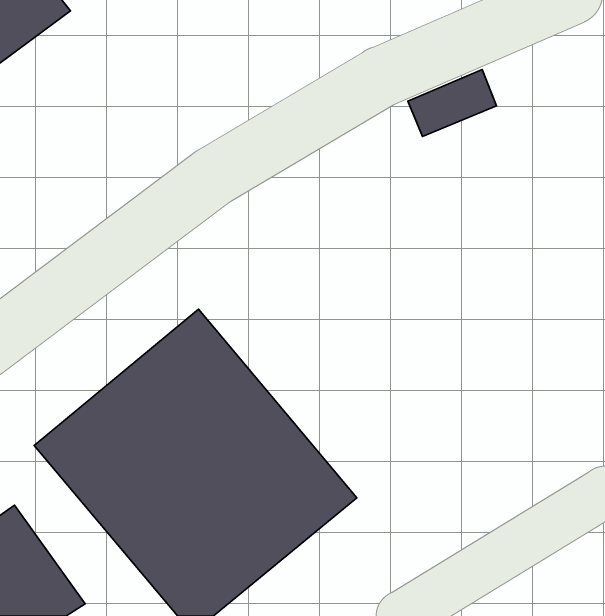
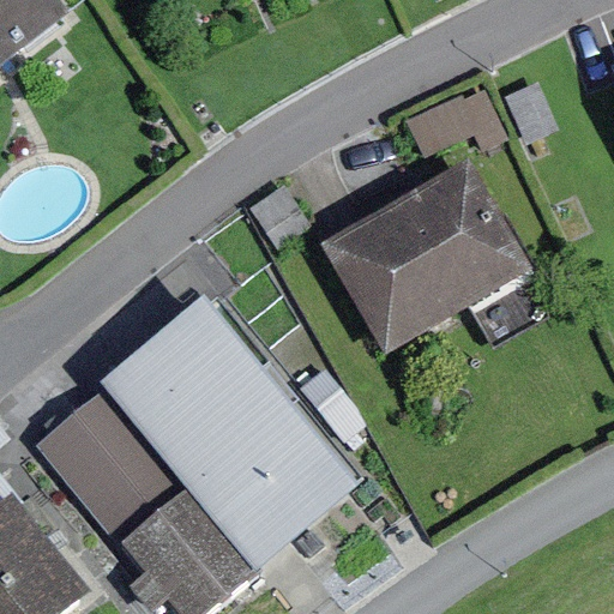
building: none -> [324,159,536,354]

